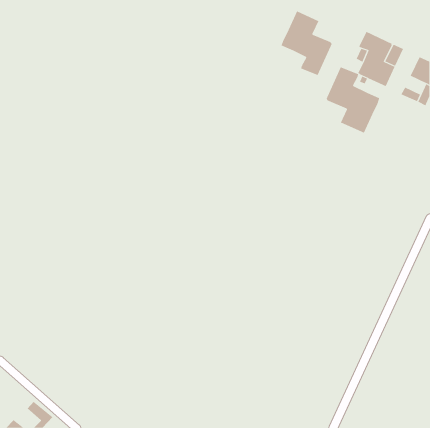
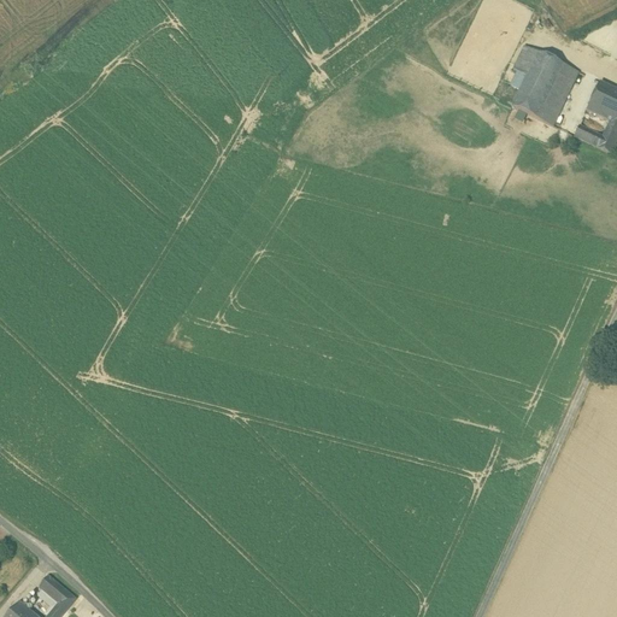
building: [281,10,333,76] -> none
building: [325,66,380,134] -> none

